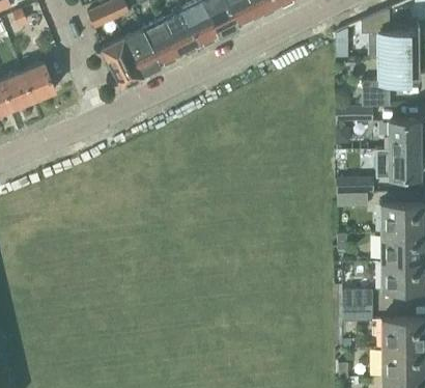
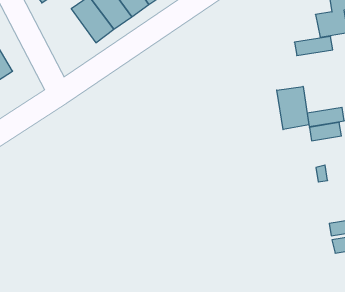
building: [103,38,141,85] -> none
building: none -> [277,86,309,130]

